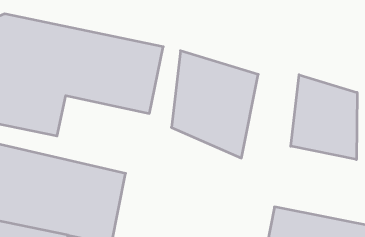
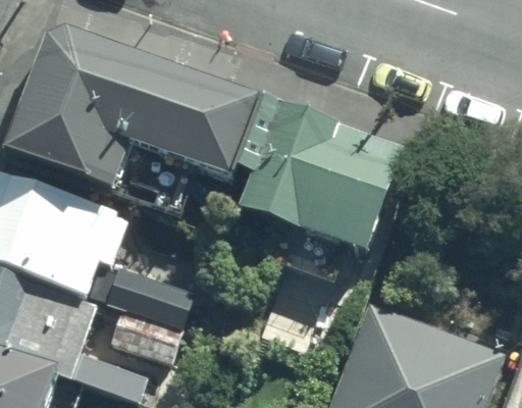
building: [291,75,357,160] -> none

